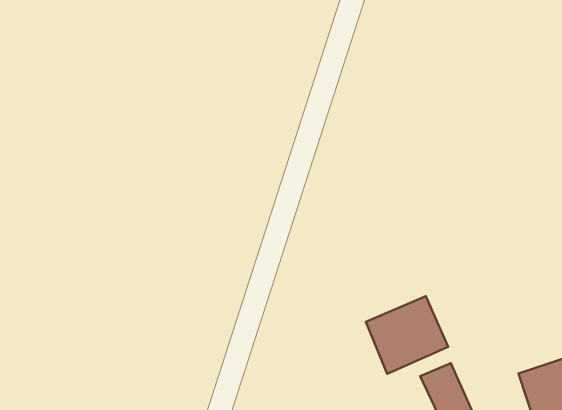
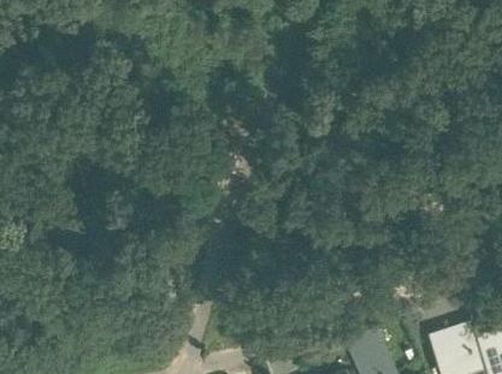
building: [366,296,448,374] -> none

